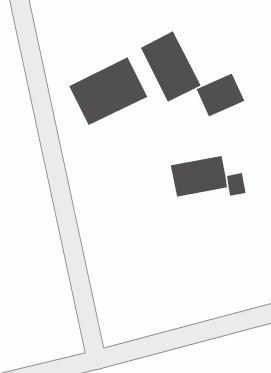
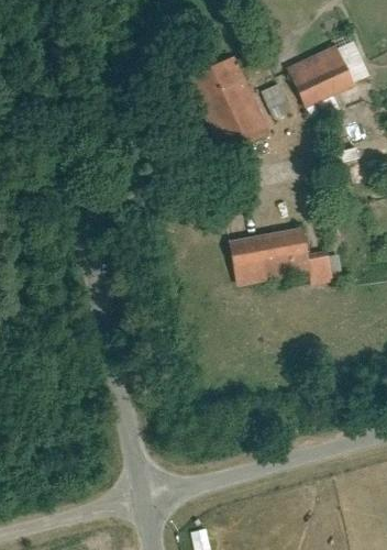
building: [68,56,148,126] -> none
building: [196,72,245,117] -> [288,46,355,107]

